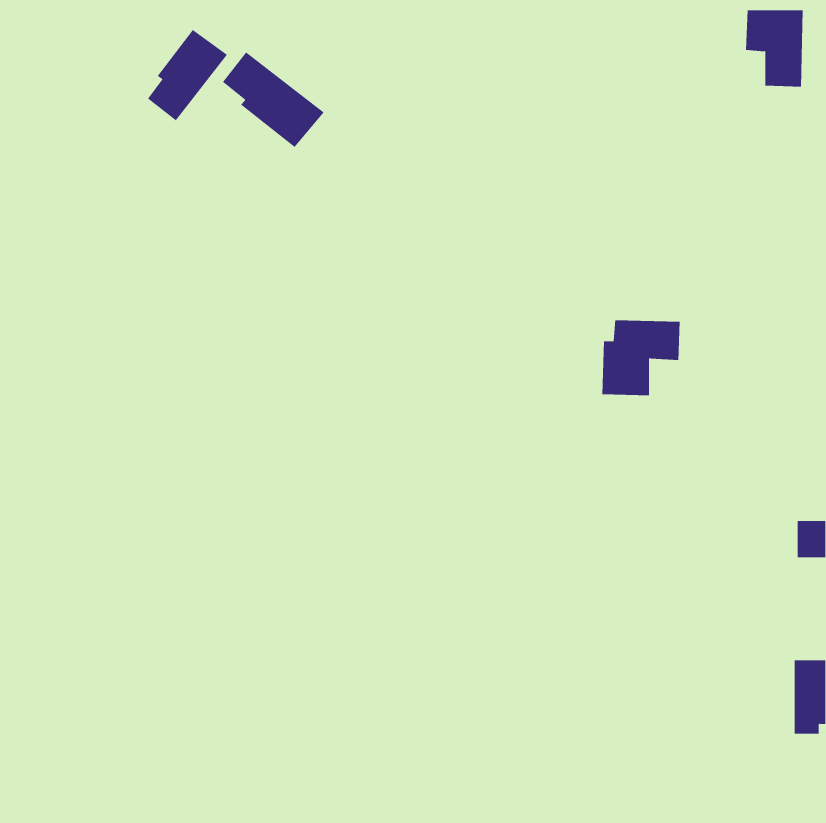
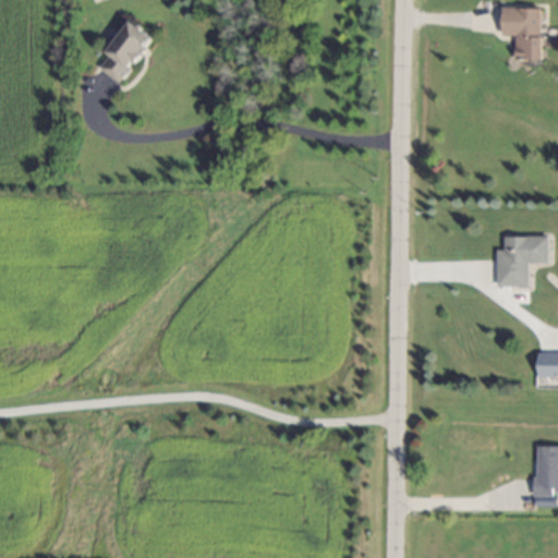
building: [222,51,324,148] -> none
building: [601,320,681,396] -> [496,234,549,286]

